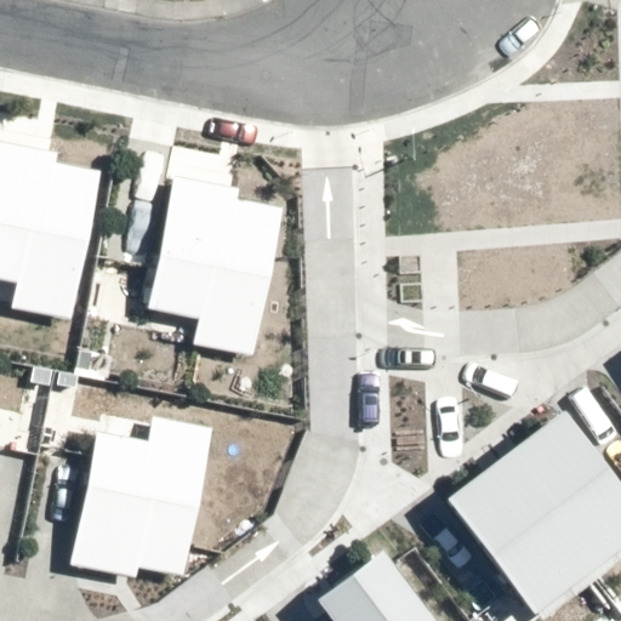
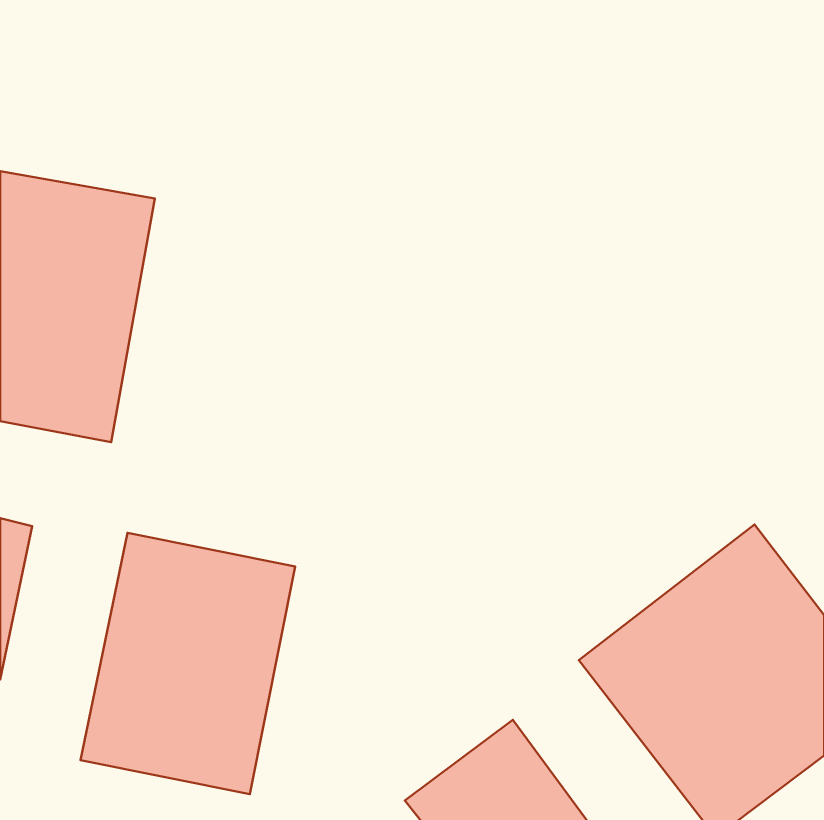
building: [150,180,277,354] -> none

